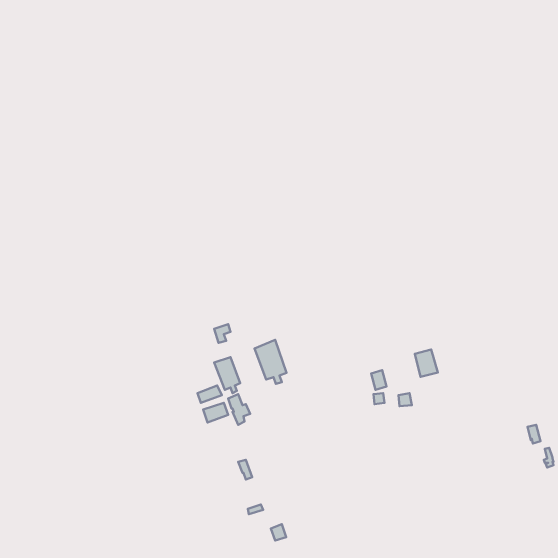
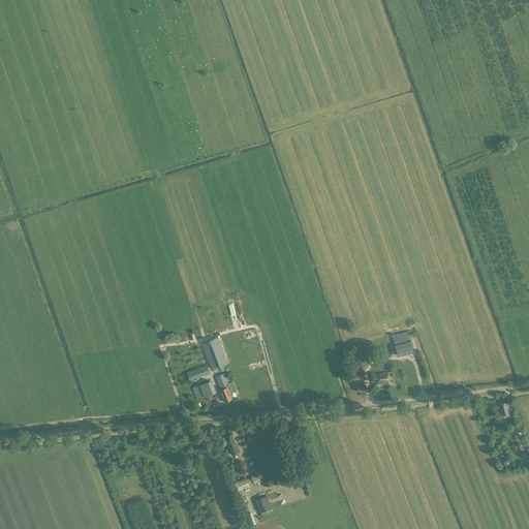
building: [255,340,287,384] -> none

